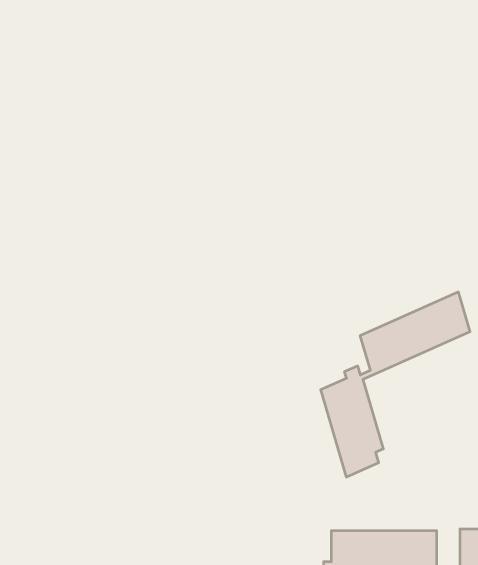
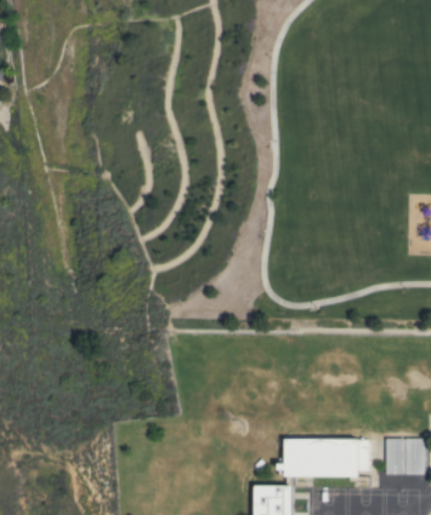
building: [321,292,470,477] -> none

